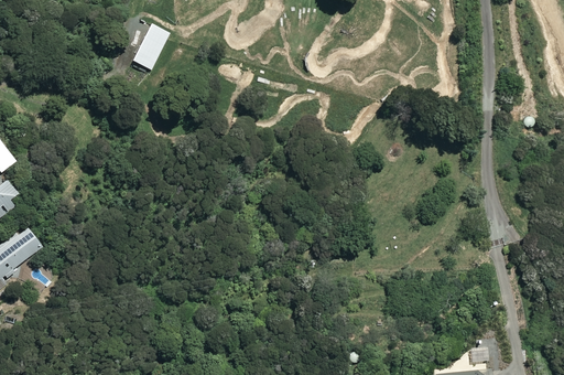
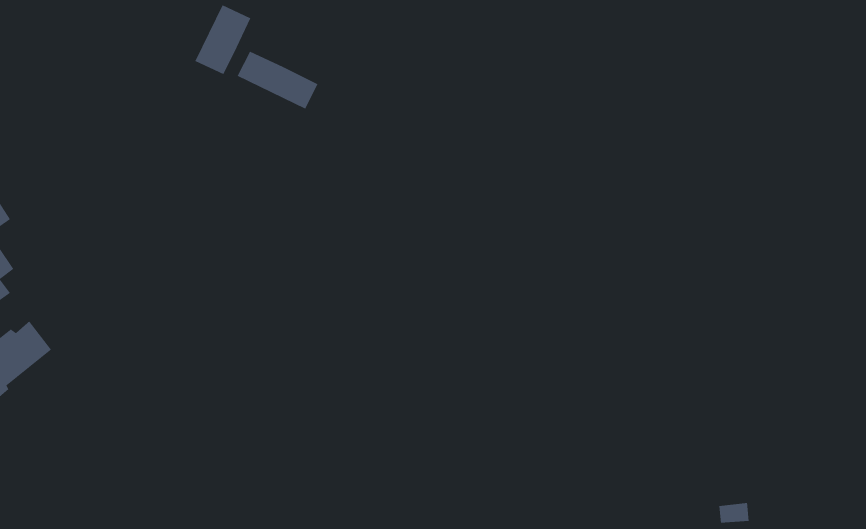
building: none -> [237,51,318,109]

